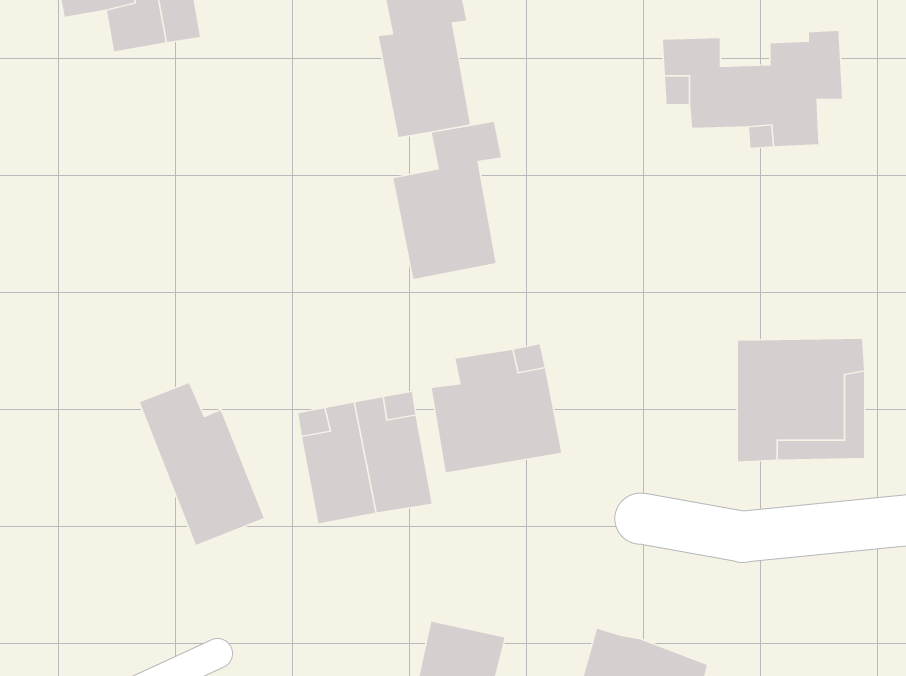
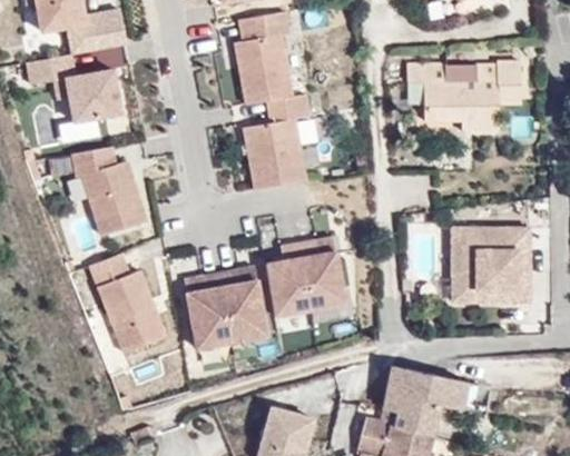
building: none -> [24,53,119,121]
building: none -> [71,146,144,236]
building: none -> [383,356,483,430]

